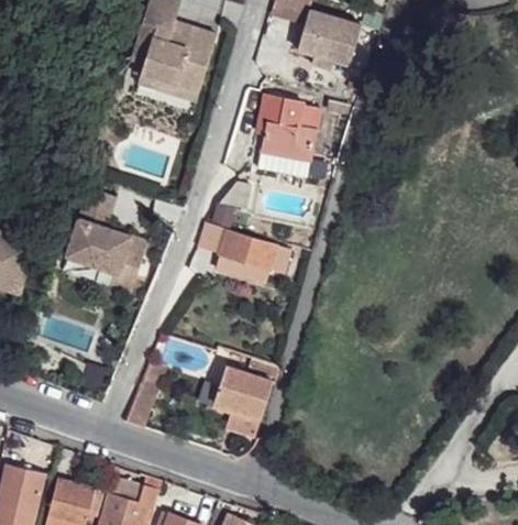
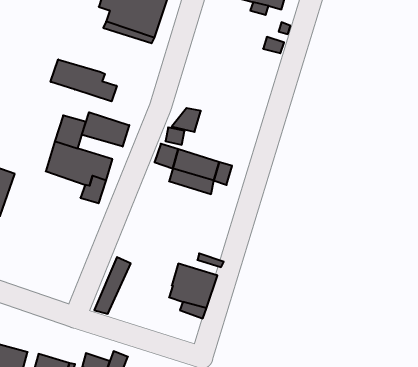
building: [256,95,321,185] -> none
building: none -> [51,59,117,101]
building: none -> [82,112,129,147]

